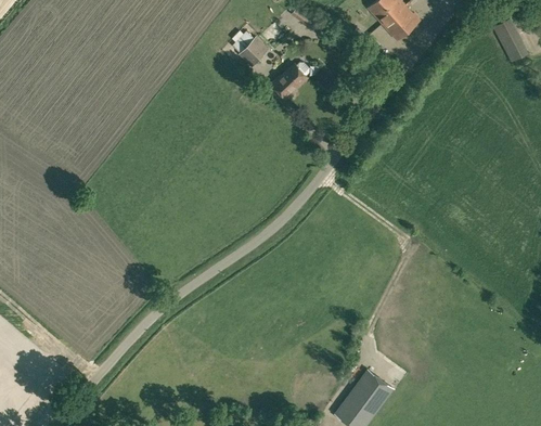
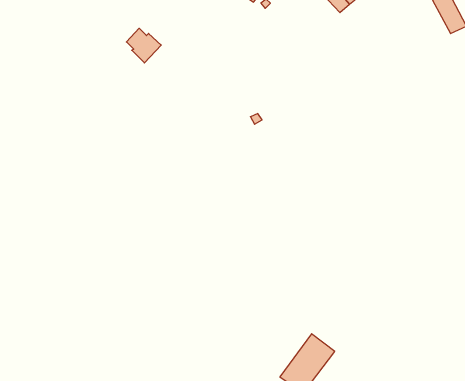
building: [233,31,269,67] -> [126,28,161,63]
building: [271,62,310,99] -> none

